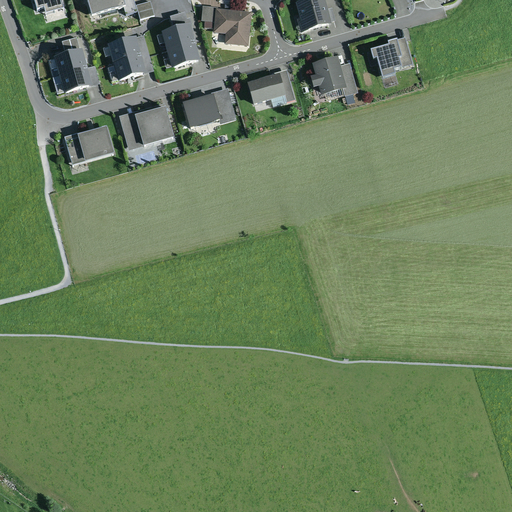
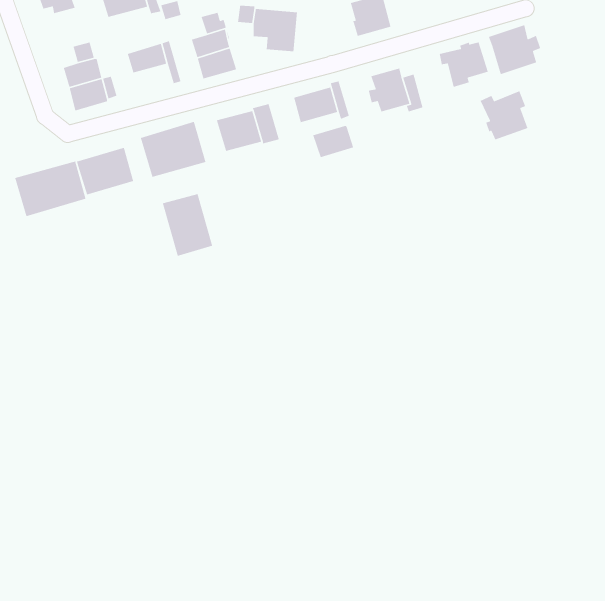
building: none -> [488,24,541,75]
building: [112,54,147,81] -> none
building: none -> [480,90,529,141]
building: none -> [312,125,354,158]
building: none -> [14,160,87,217]
building: none -> [162,193,213,257]

